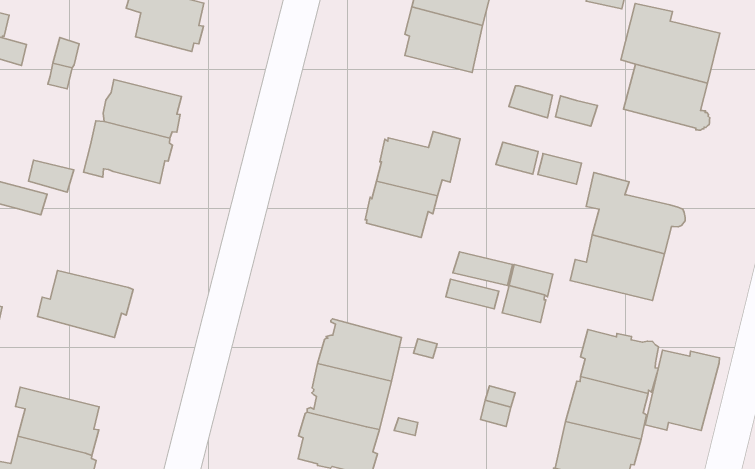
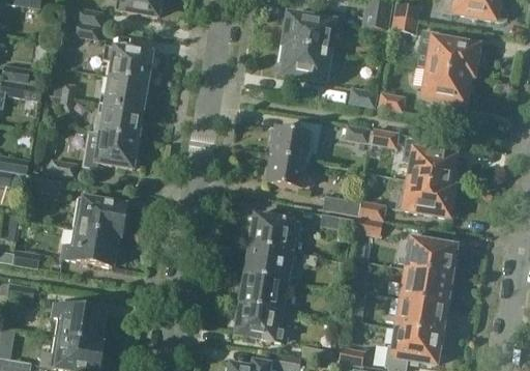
building: none -> [98,77,149,112]
building: none -> [72,197,129,236]
building: none -> [246,213,301,253]
building: [645,350,719,431] -> none

